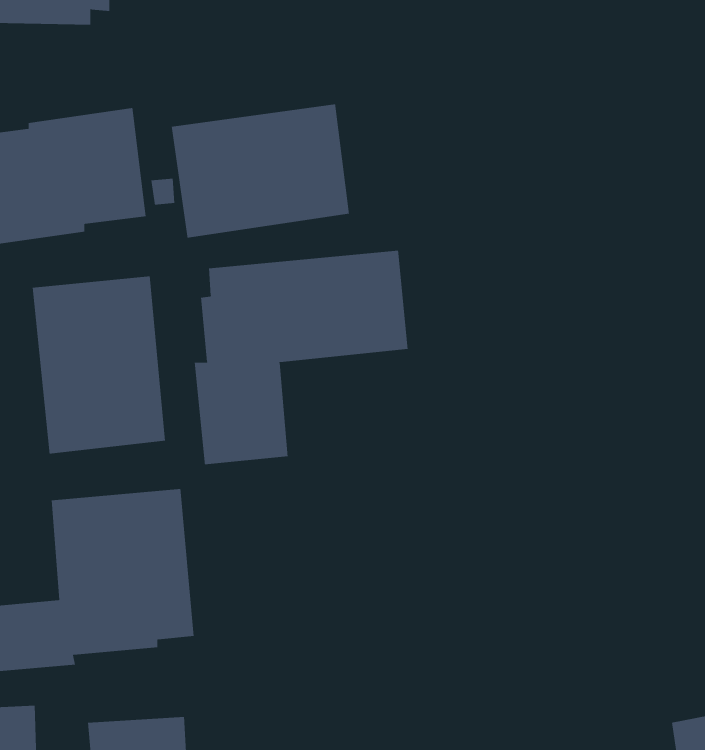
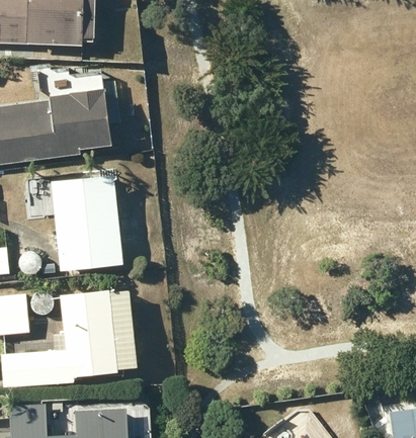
building: [171,103,350,238] -> none
building: [194,250,408,465] -> none

